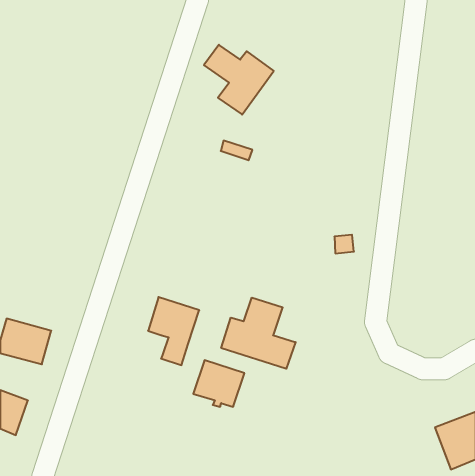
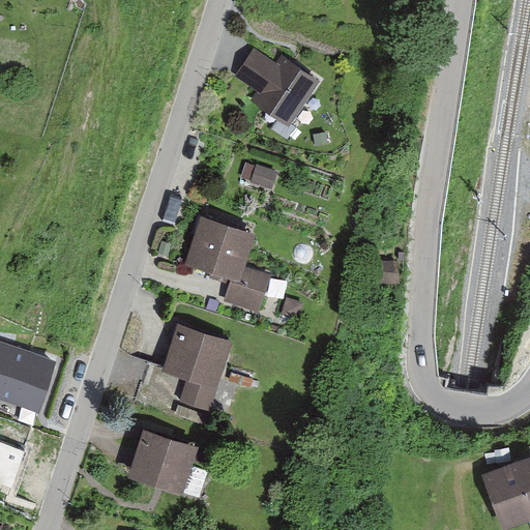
building: none -> [188,223,266,308]
building: [221,298,296,369] -> none
building: [193,360,244,407] -> [131,435,188,487]

